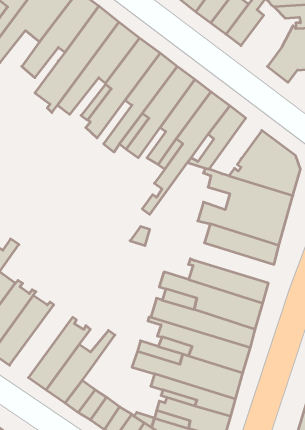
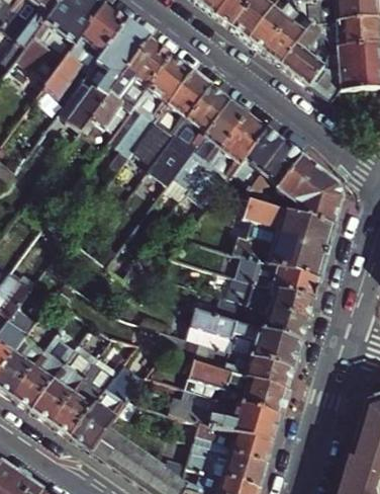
building: none -> [279,19,335,85]
building: none -> [245,141,301,200]
building: none -> [228,272,314,318]
building: none -> [30,341,98,419]

